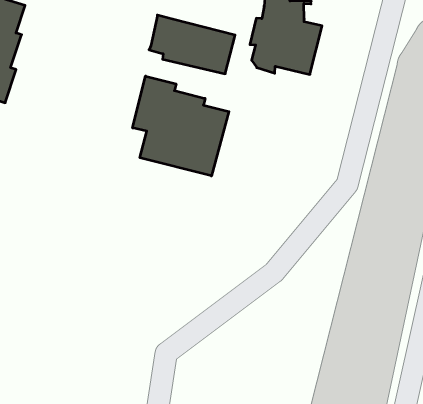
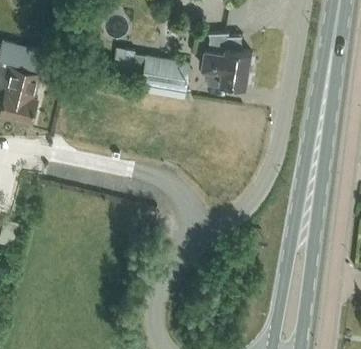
building: [133,76,229,176] -> none

